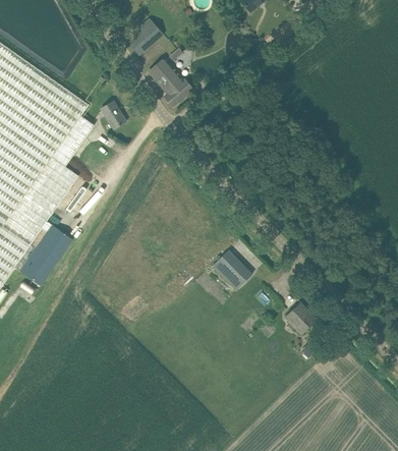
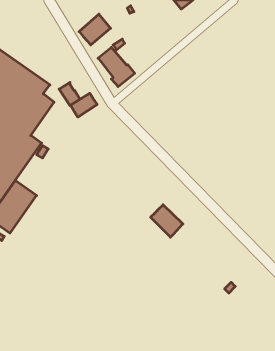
building: none -> [71,93,97,117]
building: [285,303,316,334] -> none

